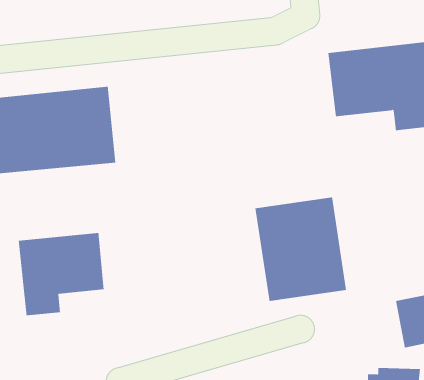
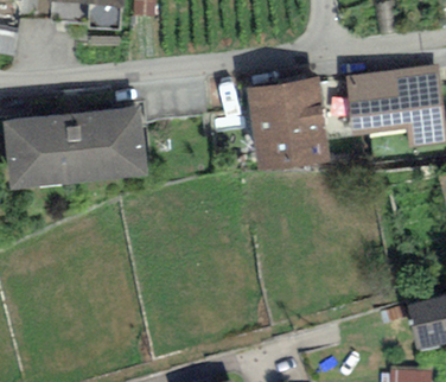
building: [255,197,347,302] -> [244,75,330,172]
building: [18,232,104,316] -> none

